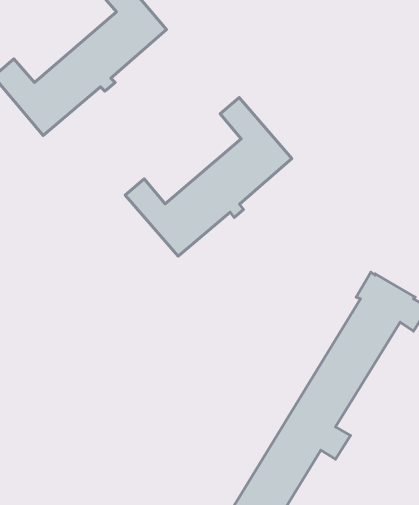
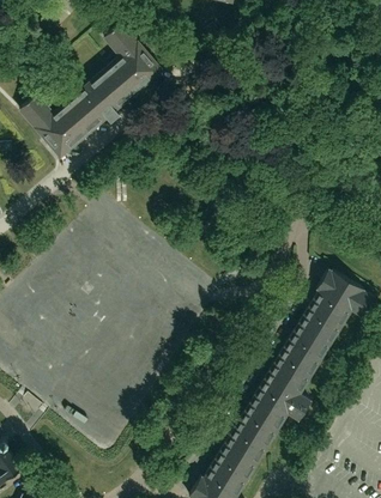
building: [125,97,292,256] -> none

